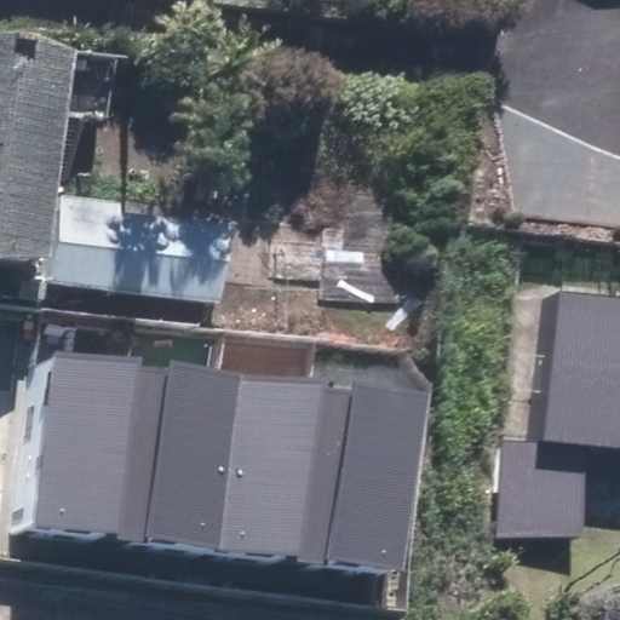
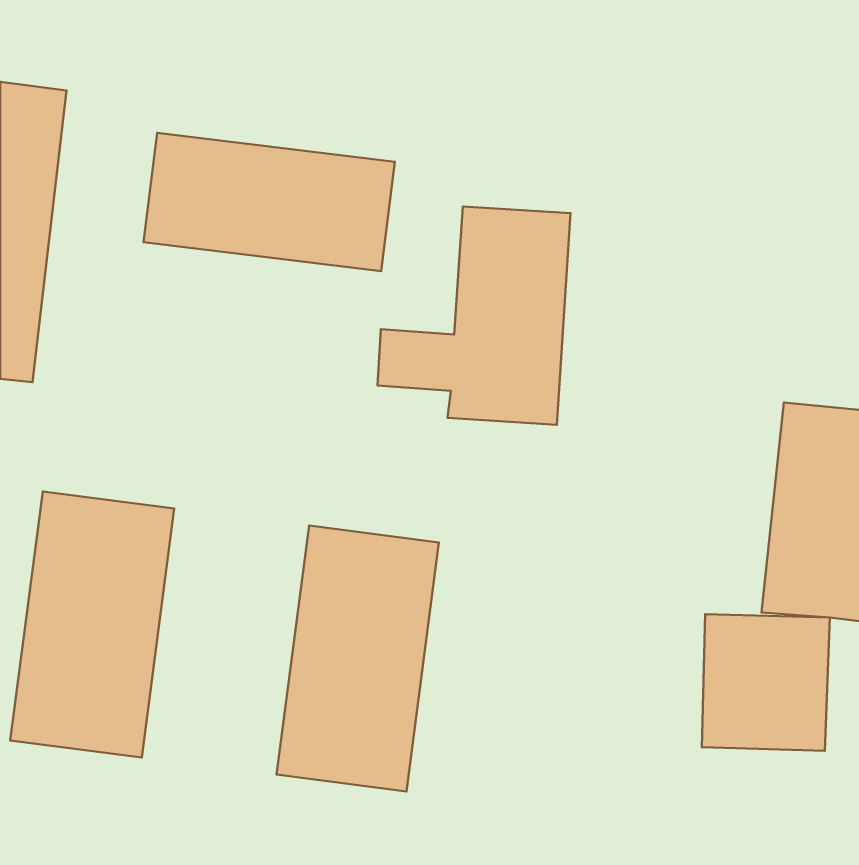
building: [46,208,224,306] -> [144,133,395,271]
building: [110,361,229,550] -> none
building: [298,385,409,574] -> none

